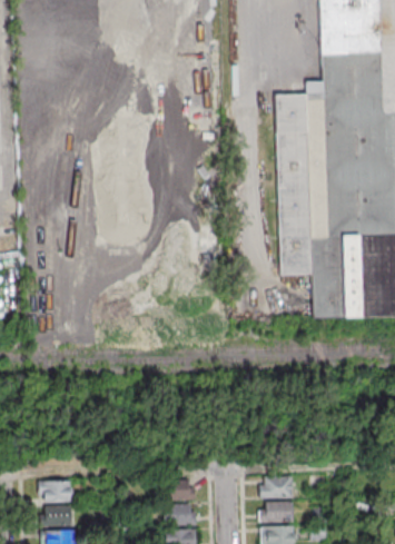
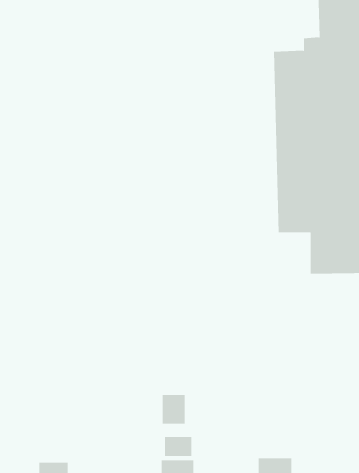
building: none -> [162,394,185,425]
building: [260,476,294,497] -> none
building: [39,482,71,502] -> none

